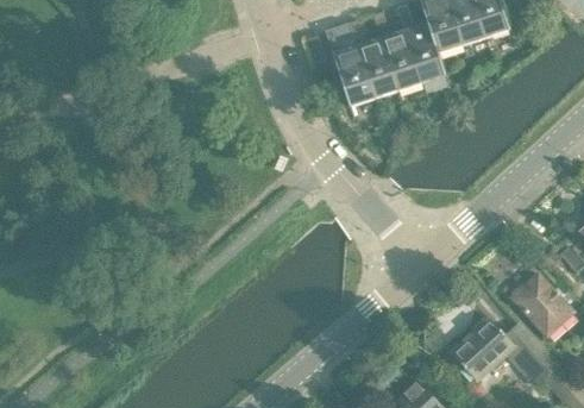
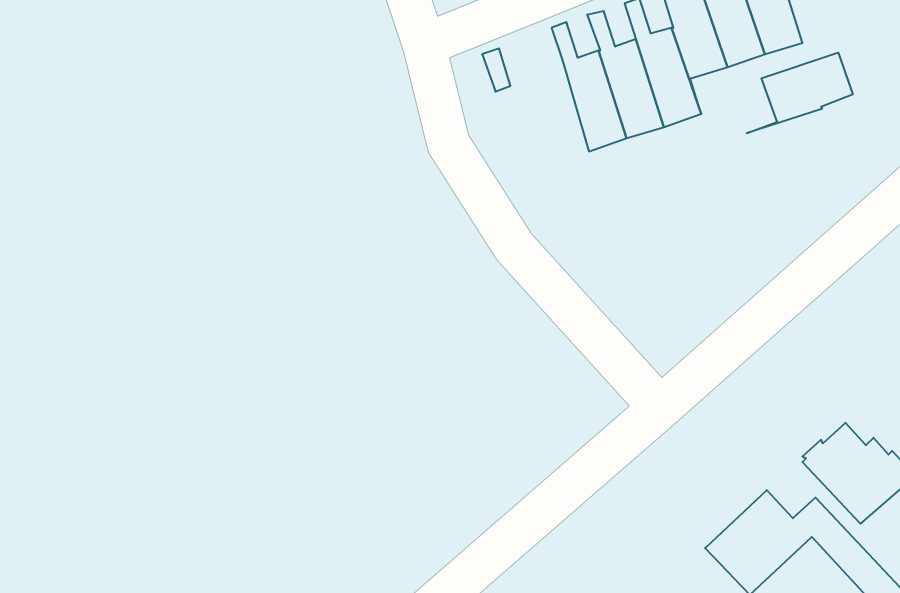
building: [325,25,375,106] -> none
building: none -> [747,53,853,133]

